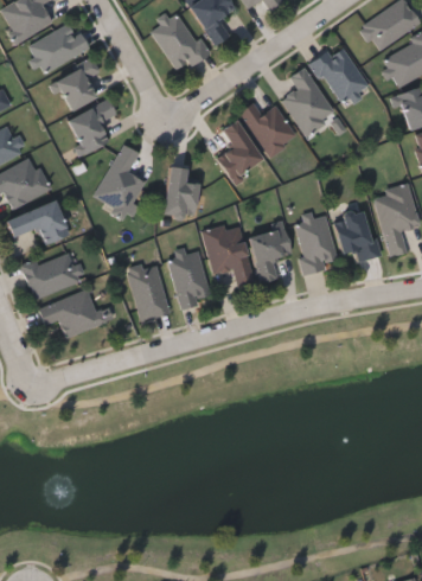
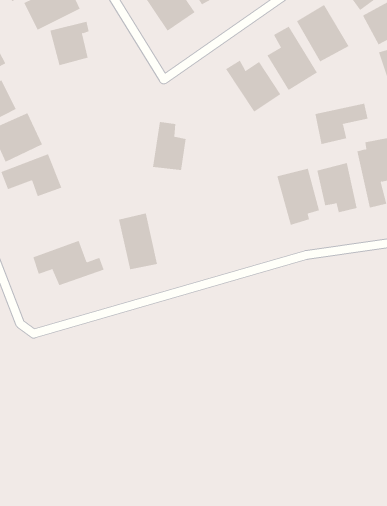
building: [68,98,116,153] -> none
building: [217,119,263,179] -> none
building: [92,143,145,216] -> none
building: none -> [315,103,368,145]
building: [204,223,255,289] -> none
building: [249,225,292,282] -> none
building: [170,249,210,308] -> none
building: [21,253,81,299] -> none

